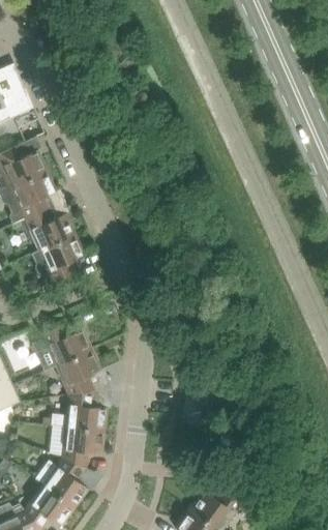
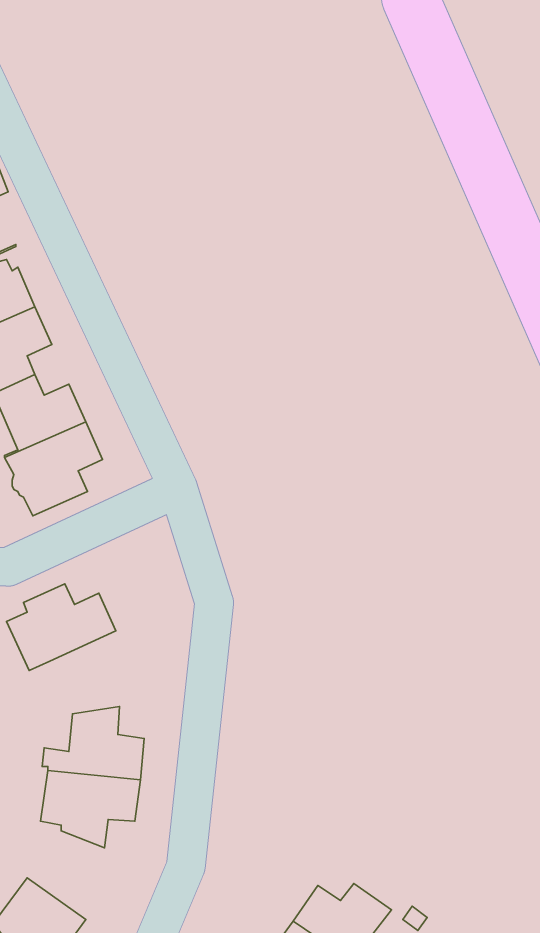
building: [55,349,100,394] -> none
building: [34,459,88,507] -> none

